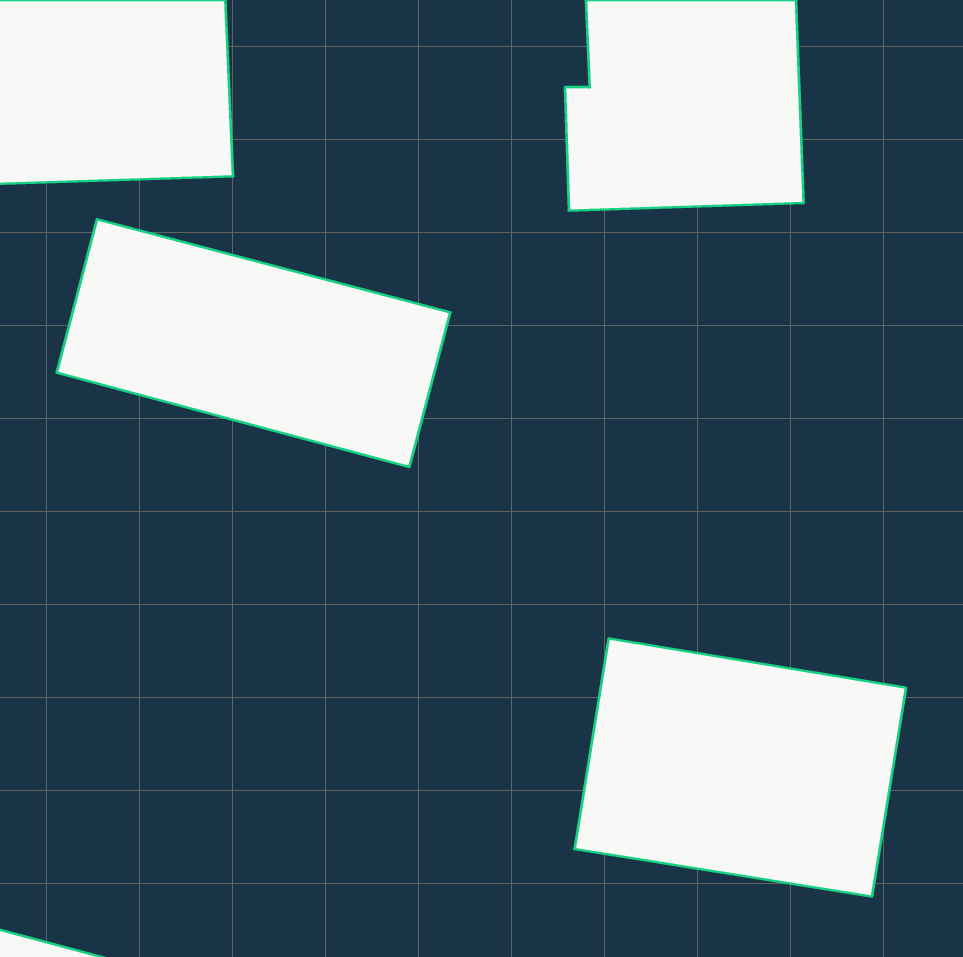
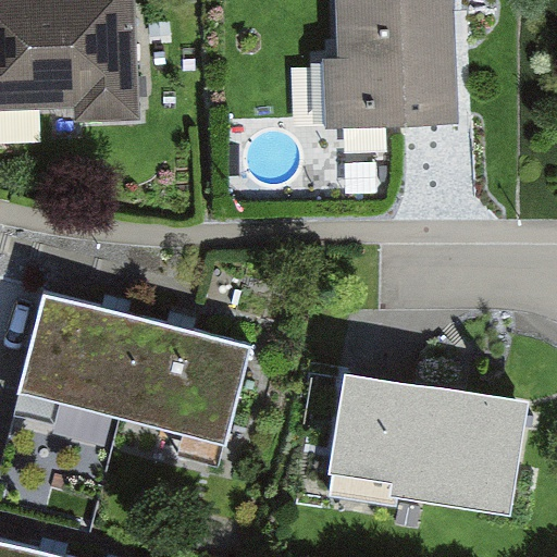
building: [57,219,450,467] -> none
building: none -> [16,288,245,444]

